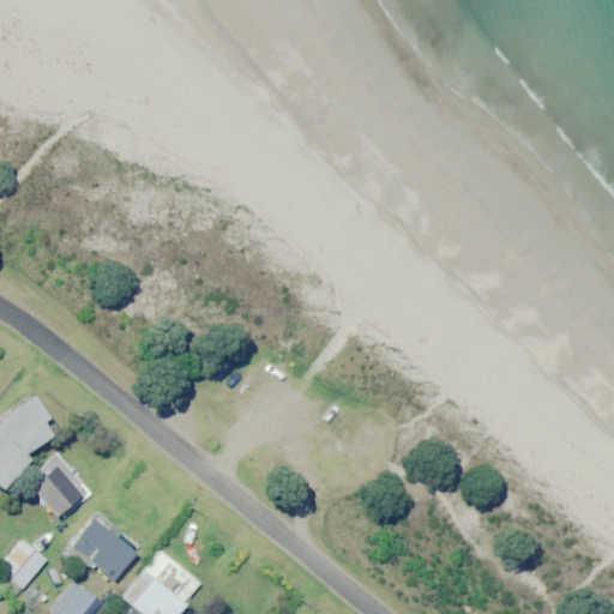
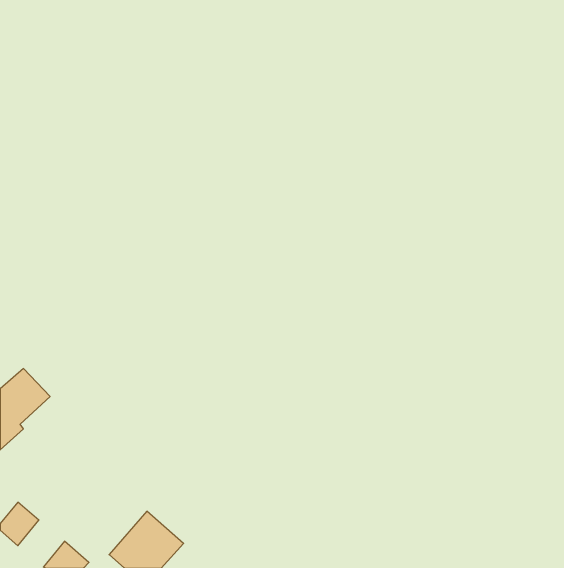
building: [31,464,86,520] -> none
building: [66,518,138,580] -> none

